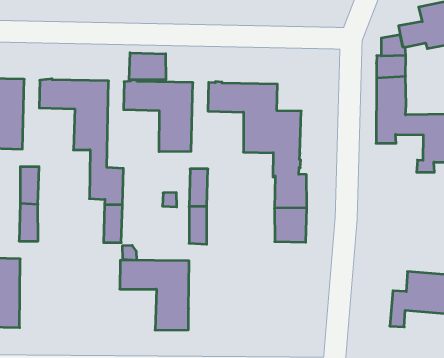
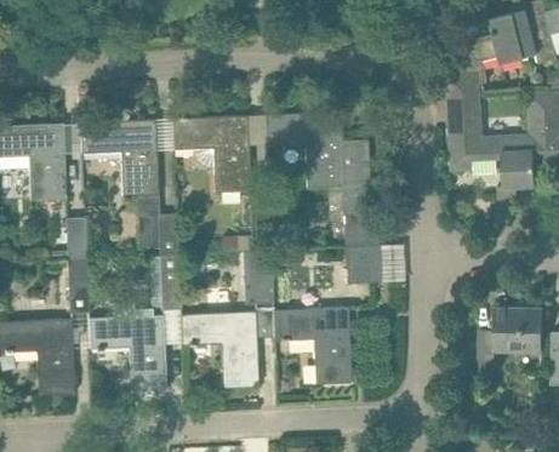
building: [129,53,166,80] -> none
building: none -> [89,304,167,391]
building: none -> [273,307,352,384]

